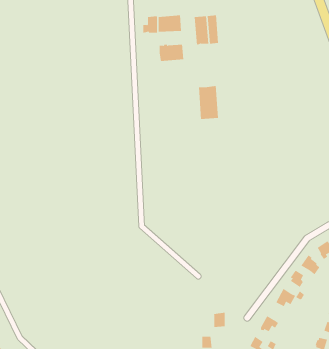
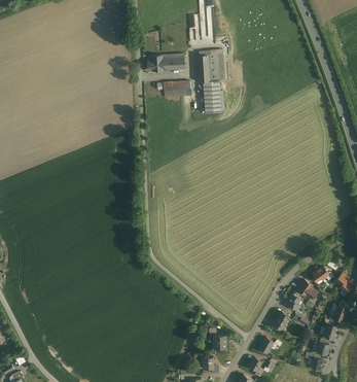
building: [198,86,219,119] -> [202,79,221,111]

